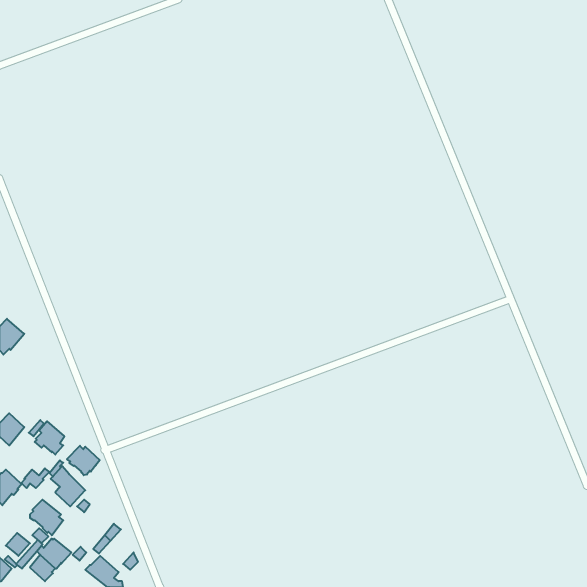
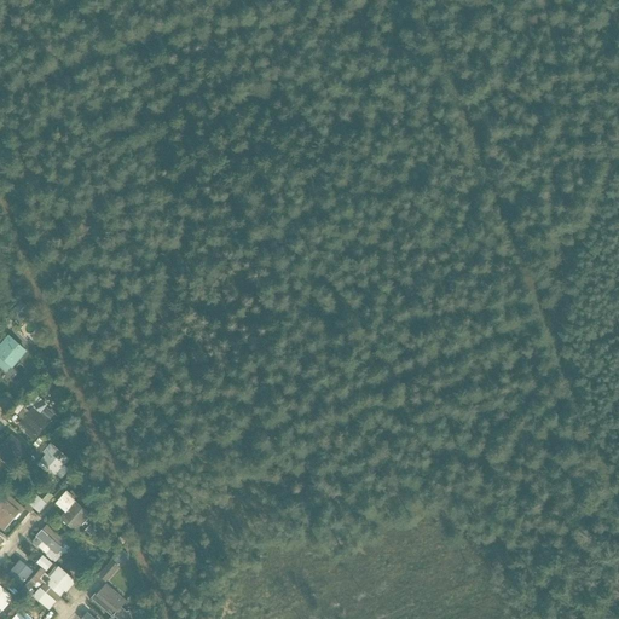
building: none -> [11,394,48,440]
building: [67,446,100,475] -> none

